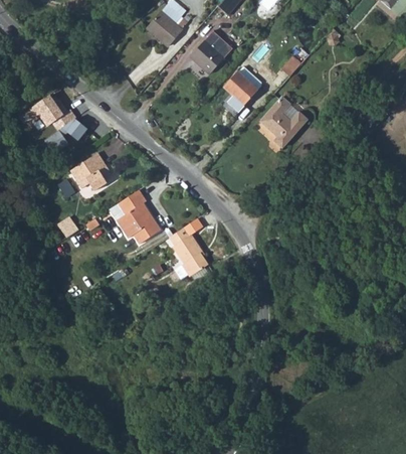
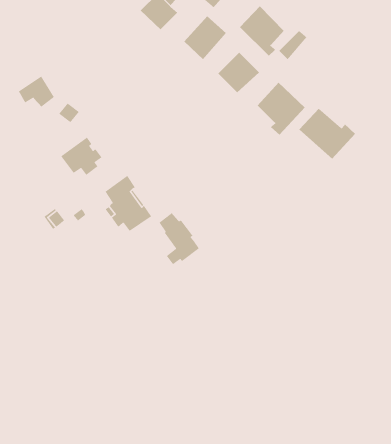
building: none -> [239,6,285,57]
building: none -> [299,108,356,159]

